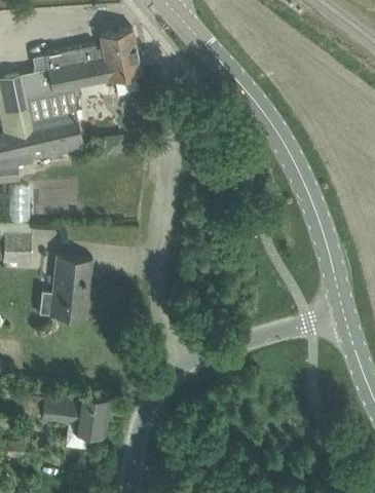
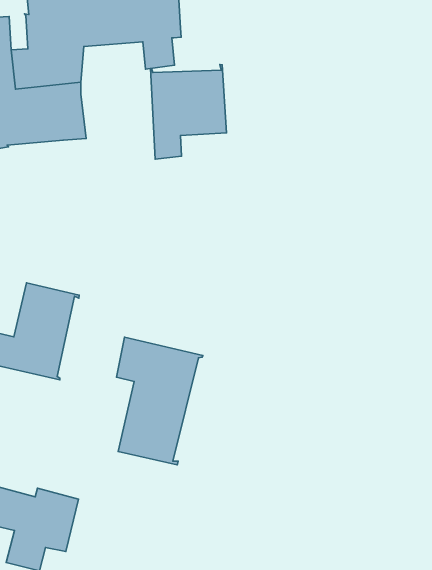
building: none -> [150,64,226,159]
building: none -> [116,337,203,465]

